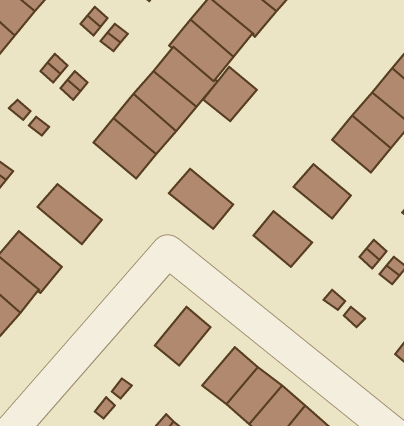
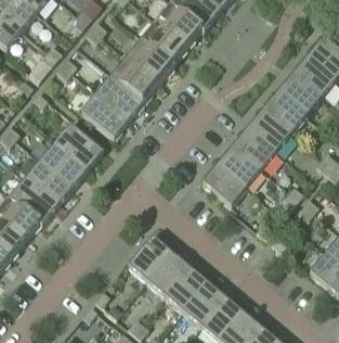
building: [203,67,257,121] -> none
building: none -> [248,109,291,151]
building: [169,169,233,229] -> [54,124,103,169]
building: none -> [218,144,262,187]
building: none -> [25,160,73,205]
building: none -> [146,251,188,295]

